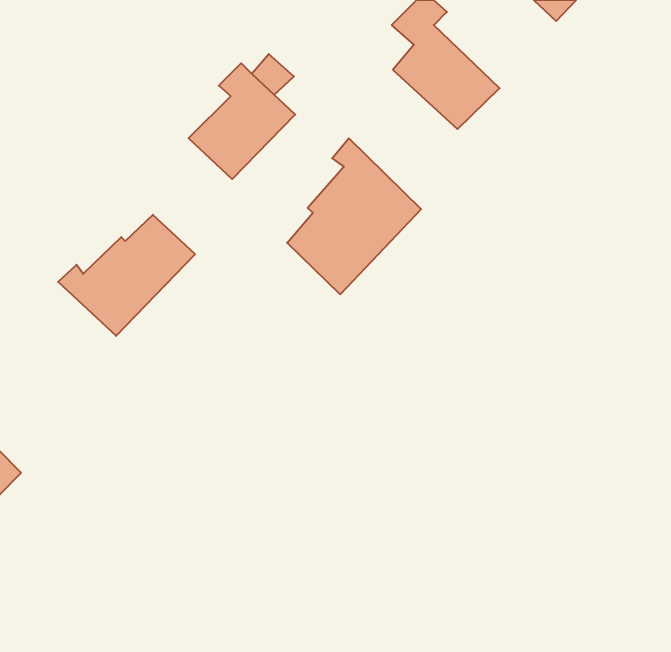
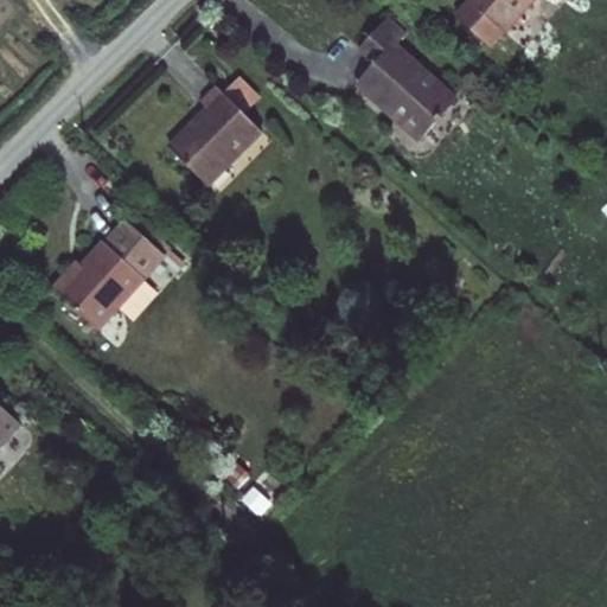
building: [287,138,421,294] -> none

